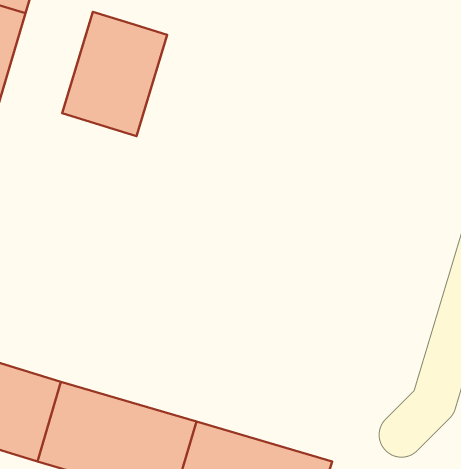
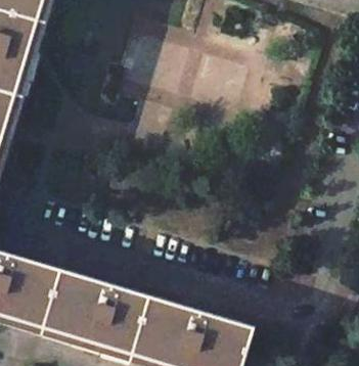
building: [62,12,167,136] -> none

